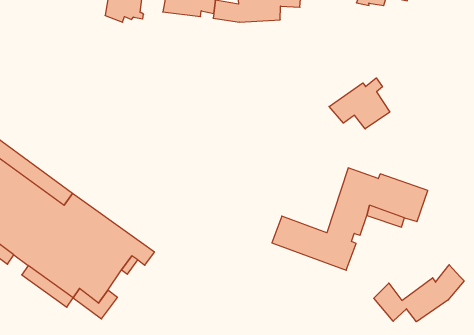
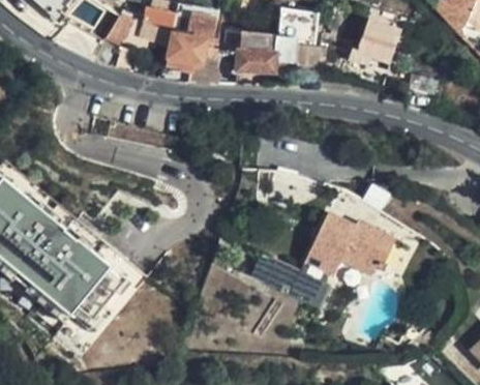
building: [329,78,390,129] -> none
building: [374,265,464,322] -> none

